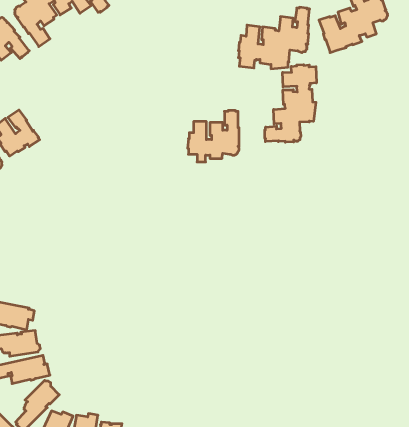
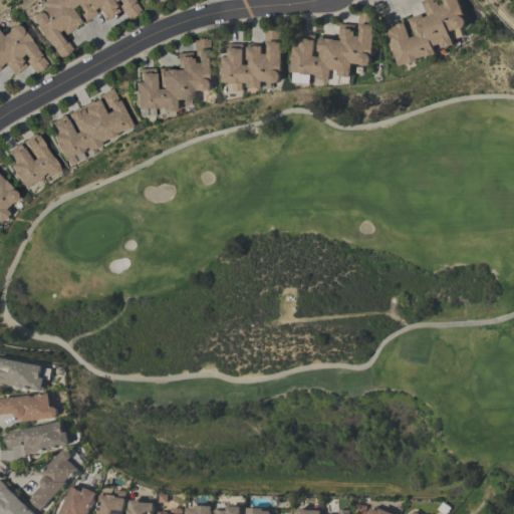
building: none -> [133,39,213,111]
building: [265,65,316,142] -> none
building: none -> [49,89,131,160]
building: [188,111,239,162] -> [222,31,282,91]

